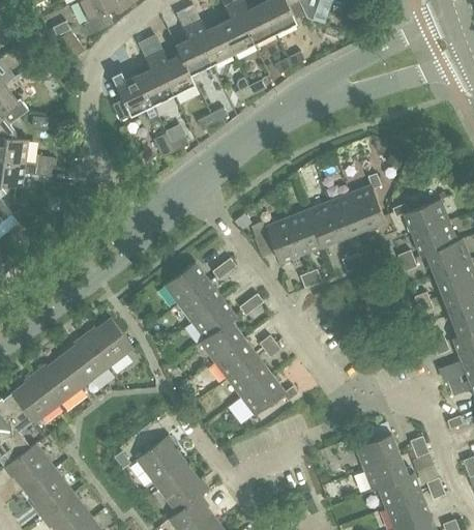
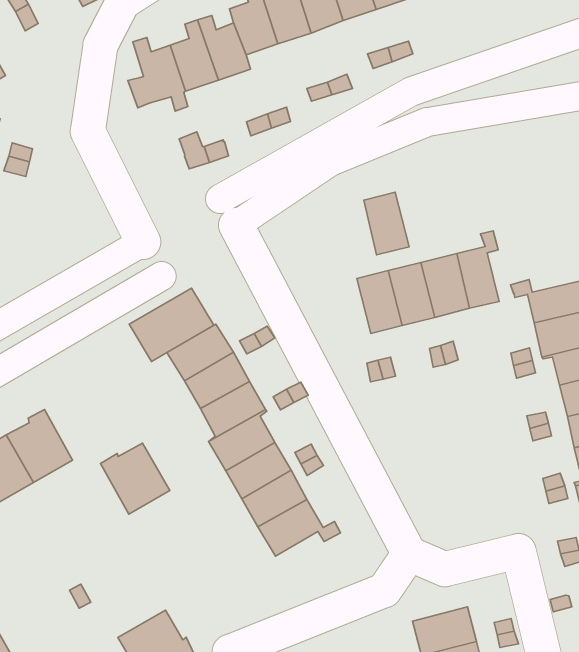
building: [265,217,300,262] -> [364,192,409,255]
building: none -> [129,288,214,361]
building: [84,317,134,366] -> [101,443,170,514]
building: [136,434,184,483] -> none

